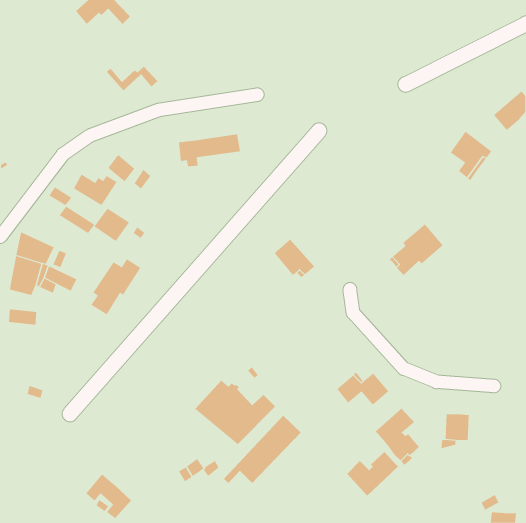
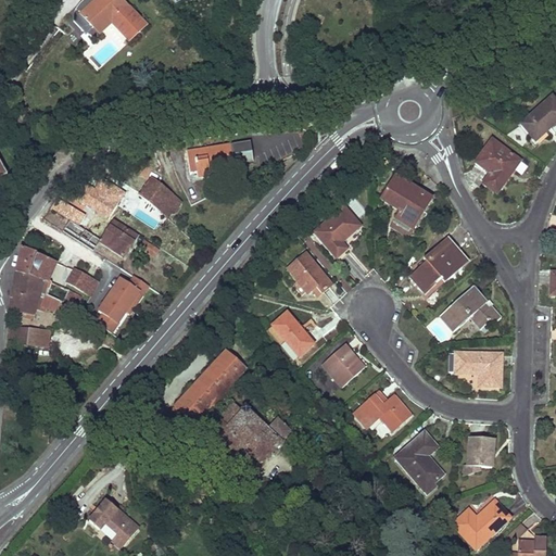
building: [106,66,158,92] -> [74,10,129,37]
building: [107,154,135,182] -> [149,186,178,215]
building: none -> [381,173,431,226]
building: none -> [315,204,361,253]
building: none -> [67,266,98,293]
building: none -> [440,283,501,328]
building: none -> [271,308,314,353]
building: none -> [323,344,364,384]
building: none -> [456,351,502,383]
building: [223,415,302,484] -> [163,349,245,421]
building: [346,451,399,496] -> [454,498,509,546]

